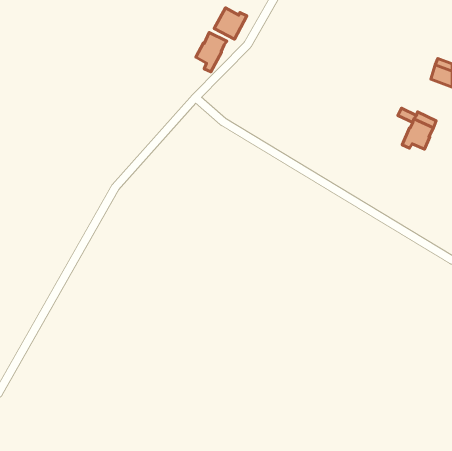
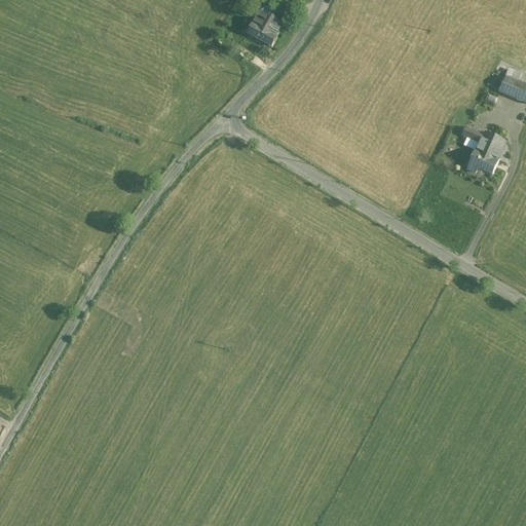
building: [196,32,227,72] -> none

